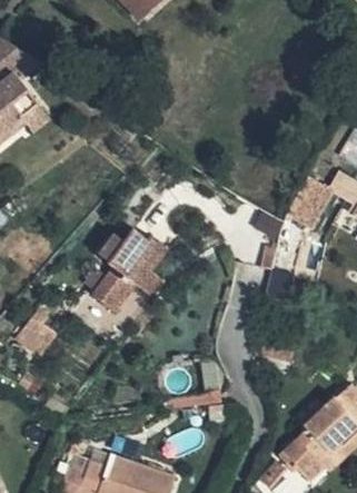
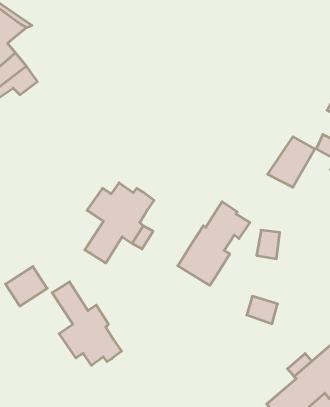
building: none -> [178,202,250,285]
building: none -> [52,282,122,365]

